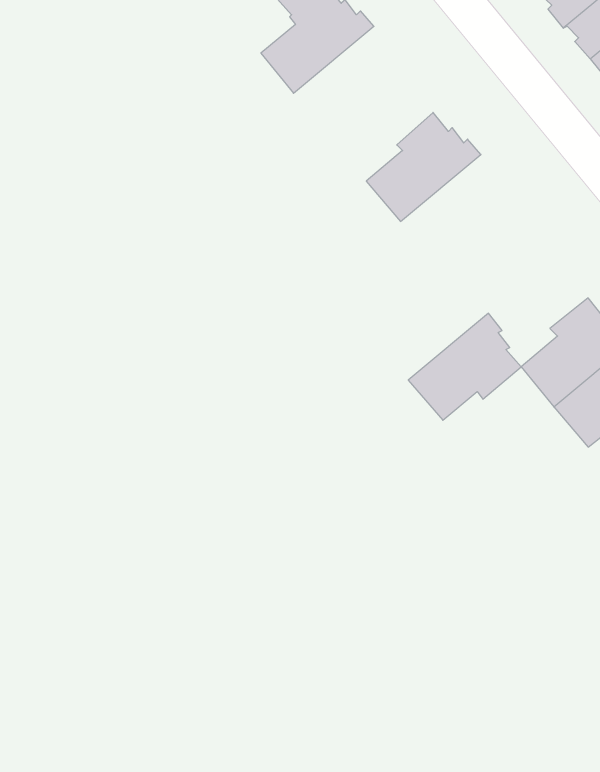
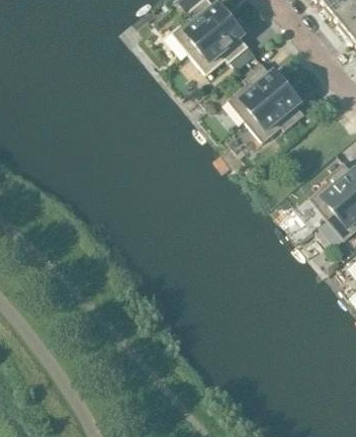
building: none -> [190,16,250,74]
building: [408,313,521,420] -> [247,84,306,141]

